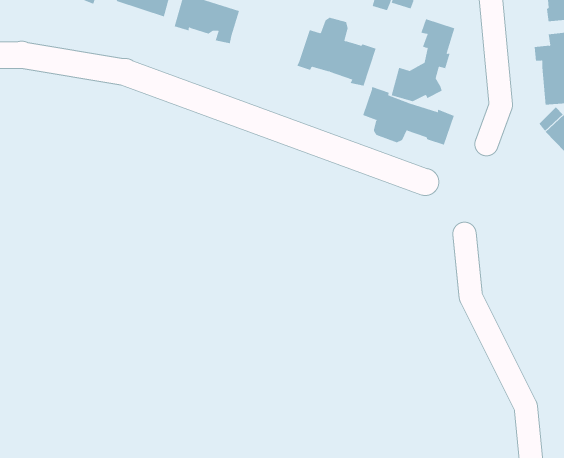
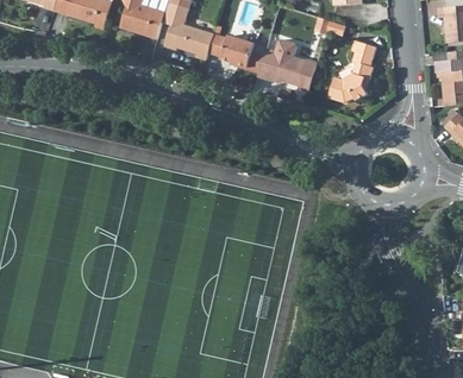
building: none -> [207,34,265,74]
building: [363,86,454,146] -> none

